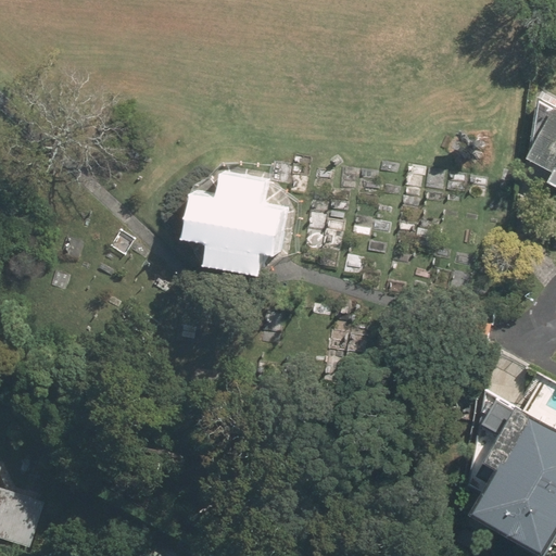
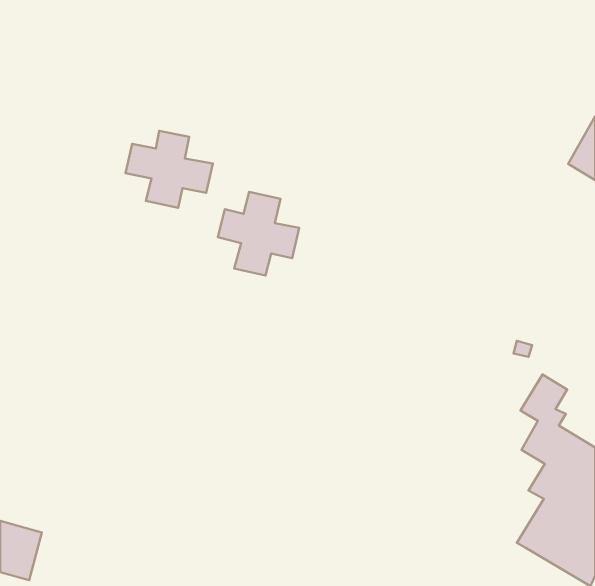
building: none -> [126,131,213,208]

